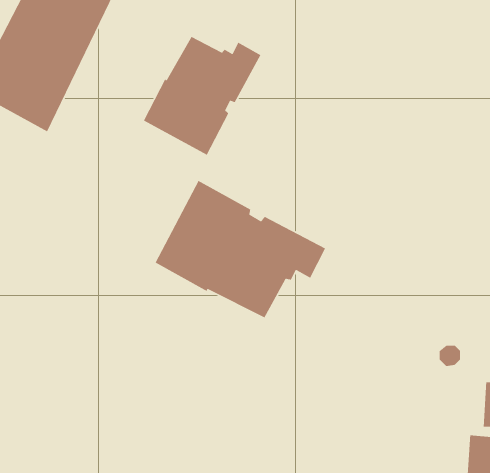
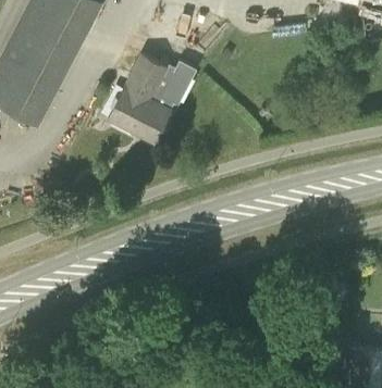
building: [154,180,326,319] -> none

